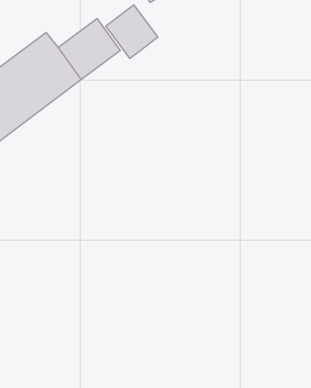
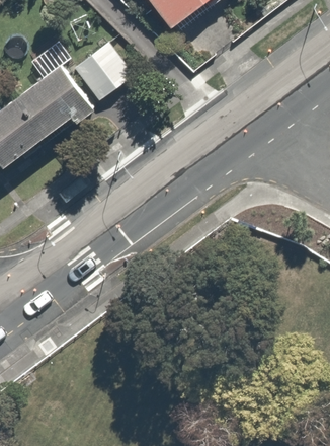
building: [106,5,158,59] -> none

